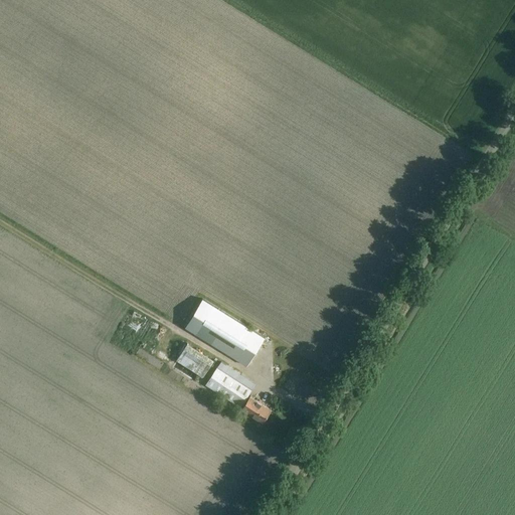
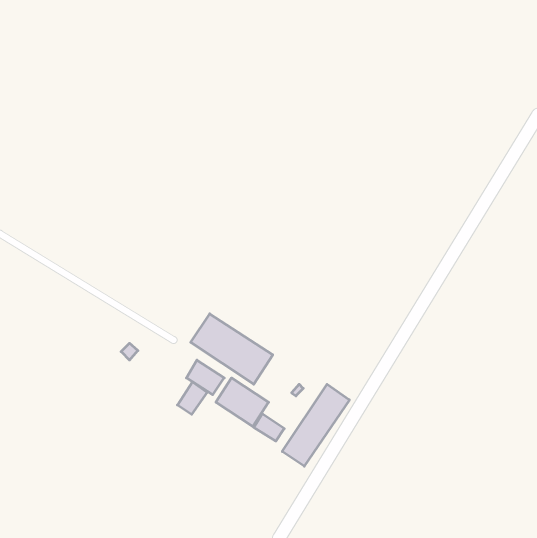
building: none -> [177,382,207,414]
building: none -> [282,384,349,466]

